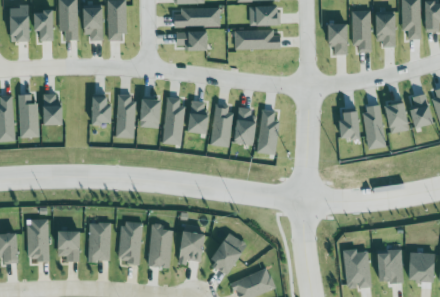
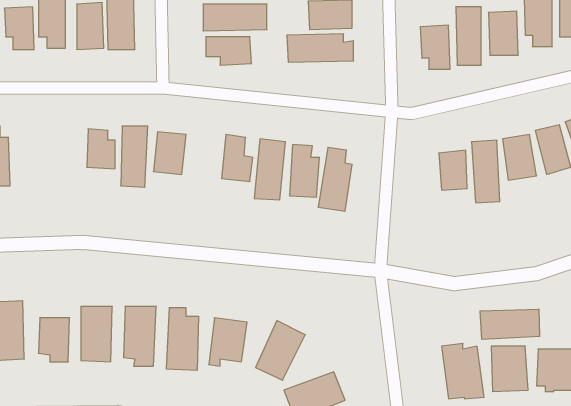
building: [43,94,61,126] -> none
building: [163,97,184,145] -> none
building: none -> [480,309,540,339]

